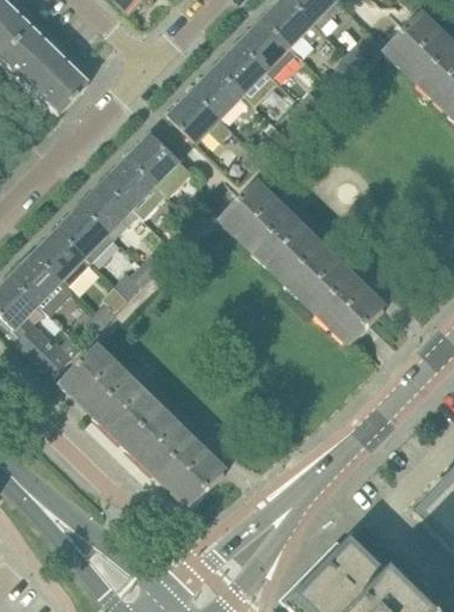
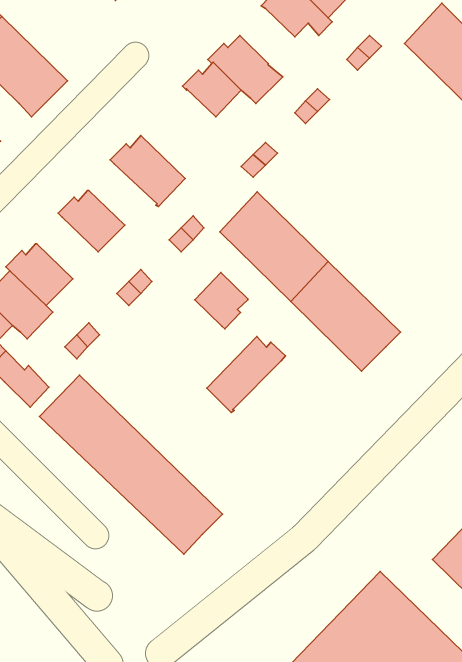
building: [237,18,296,74] -> none
building: [166,90,233,140] -> none
building: [102,157,167,216] -> none
building: [55,204,115,259] -> none
building: none -> [195,272,248,329]
building: none -> [207,337,286,412]

